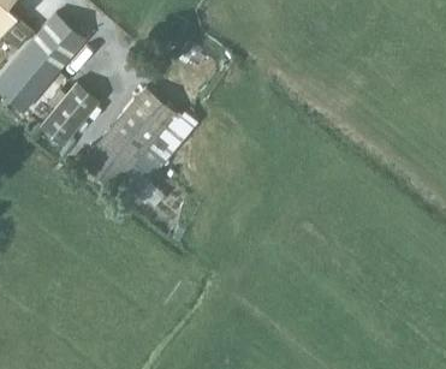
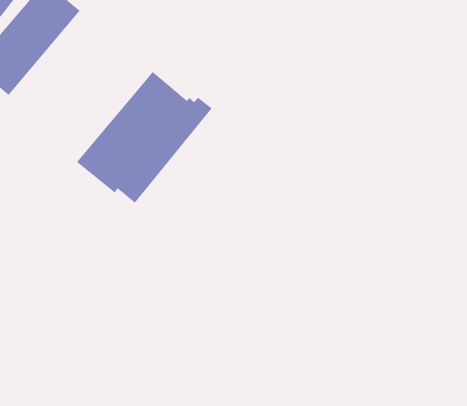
building: [38,82,101,150] -> none

